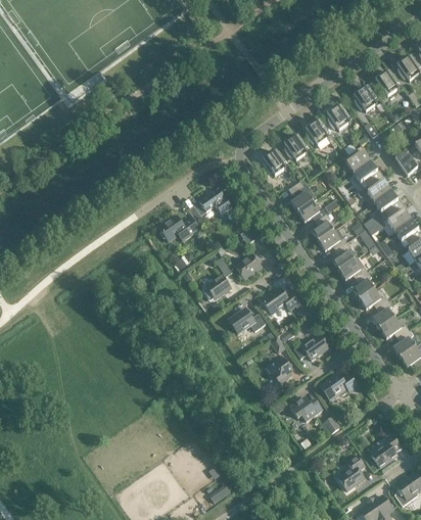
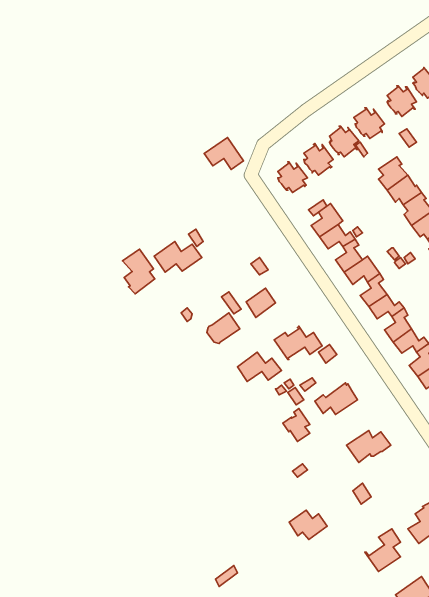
building: [198,187,231,214] -> [204,138,243,169]
building: none -> [123,249,155,294]
building: [289,395,321,420] -> [289,510,327,540]

